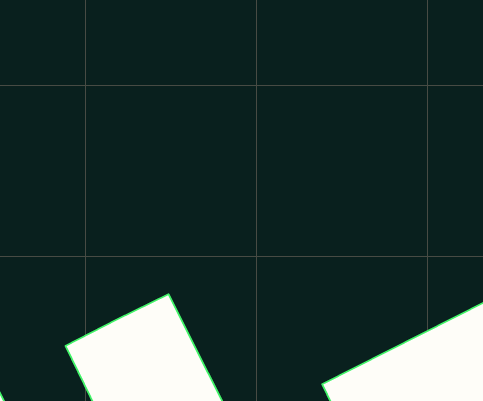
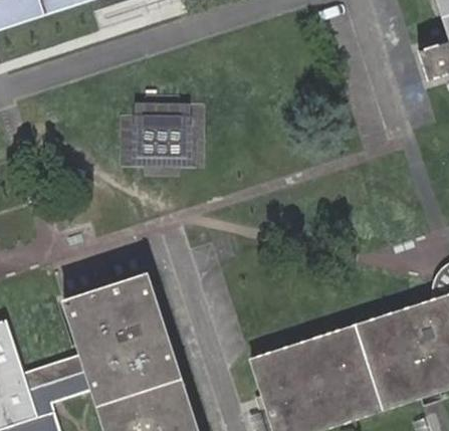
building: none -> [134,96,208,164]

